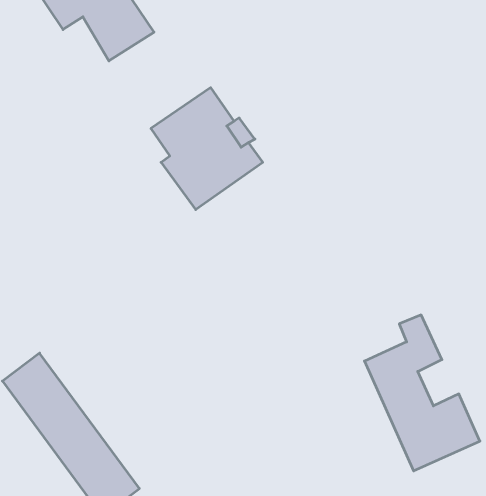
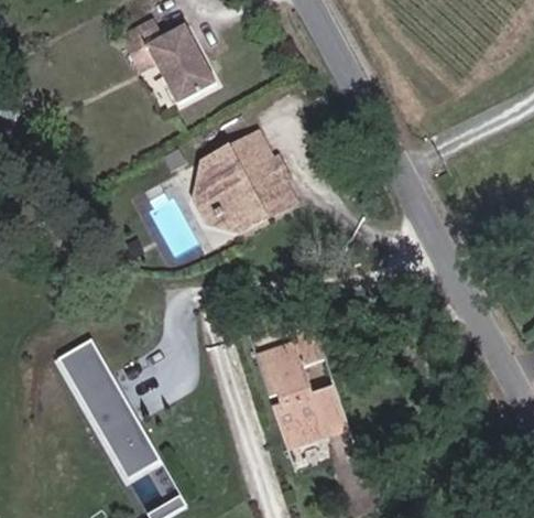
building: none -> [189,161,230,231]
building: [364,315,480,471] -> [269,321,357,449]

